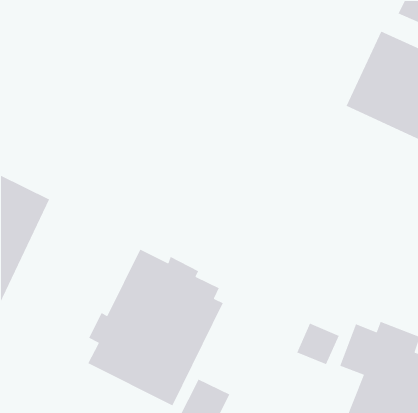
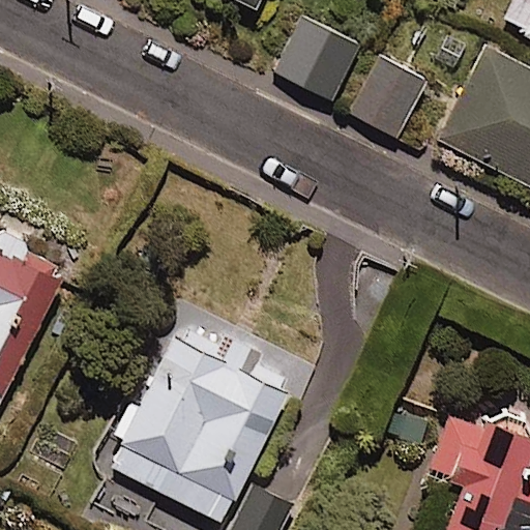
building: none -> [274,17,358,102]
building: none -> [349,58,425,139]

